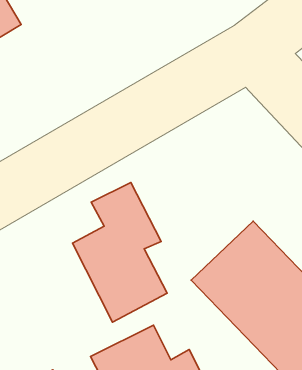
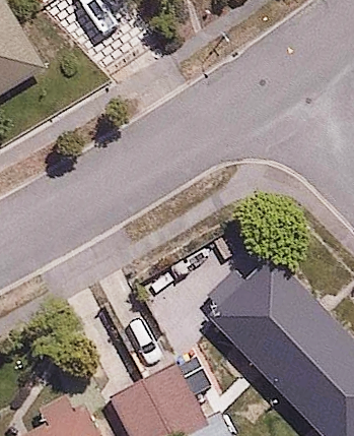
building: [72,182,167,322] -> none

